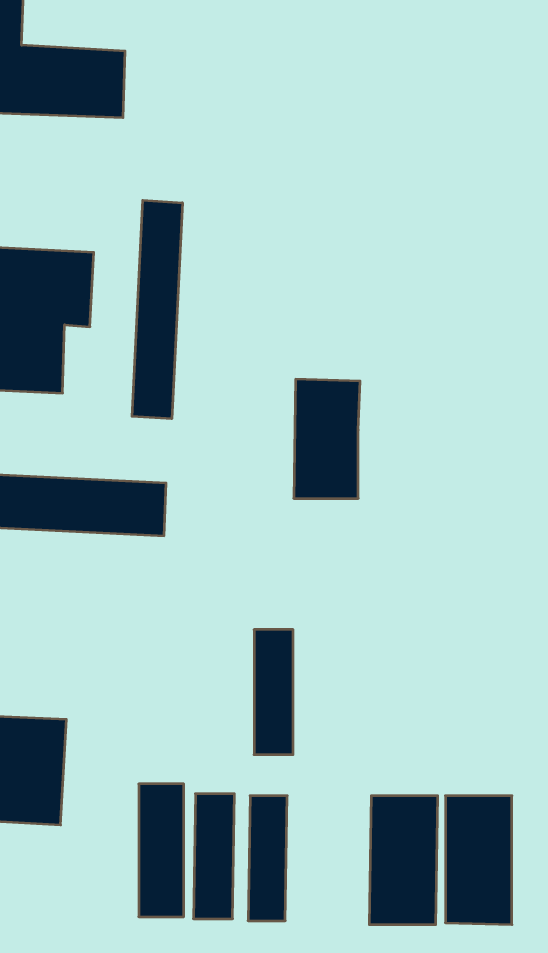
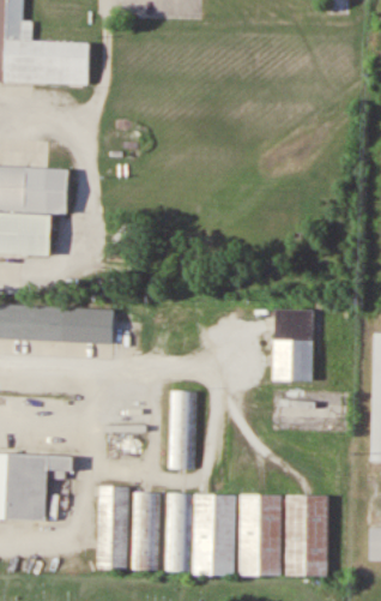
building: [132,200,182,419] -> none
building: [294,379,360,498] -> [273,314,314,387]
building: none -> [193,499,235,581]

